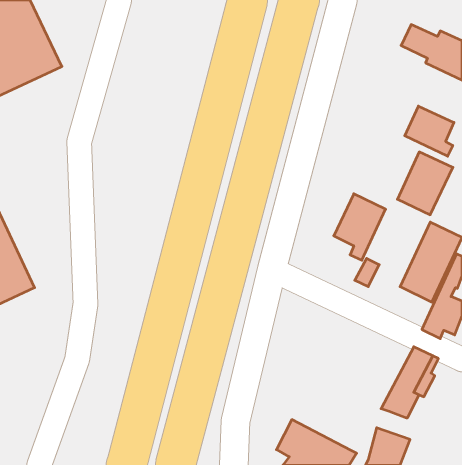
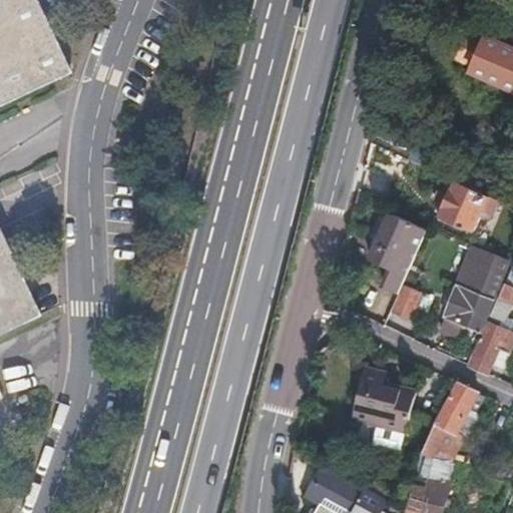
building: [405,106,454,156] -> none
building: none -> [351,365,416,432]

